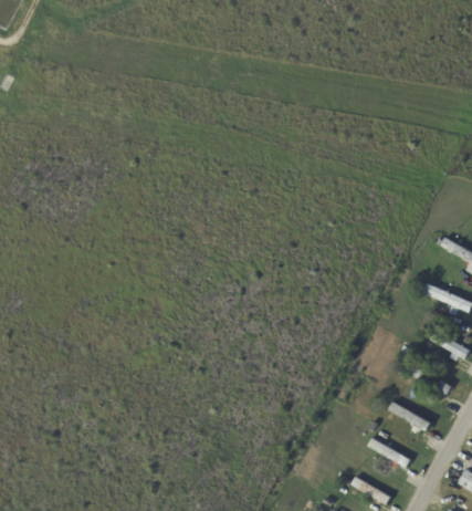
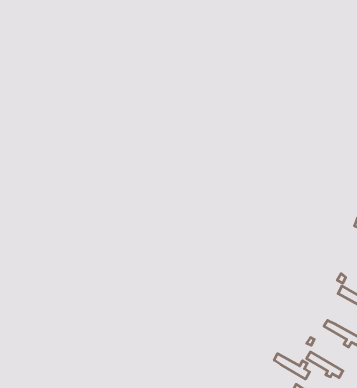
building: none -> [274,354,310,379]

